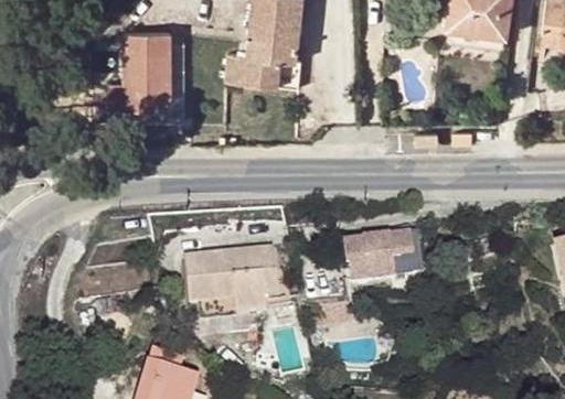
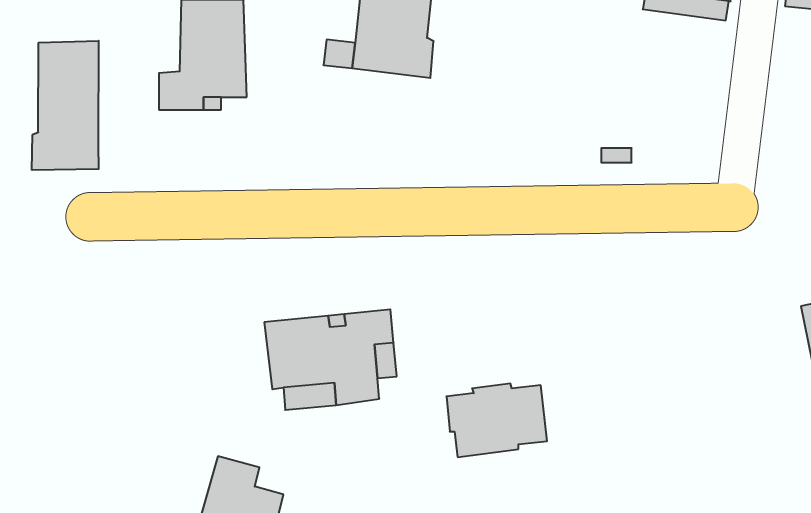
building: none -> [32,41,99,170]
building: [344,230,414,281] -> [446,384,547,457]

